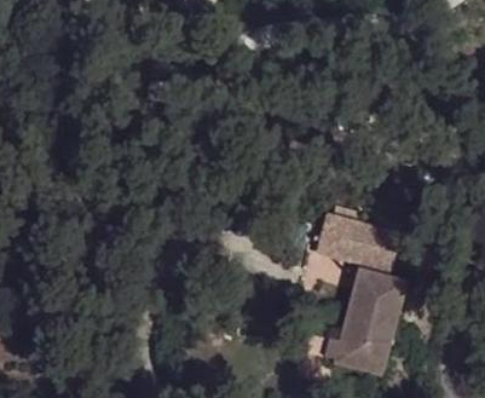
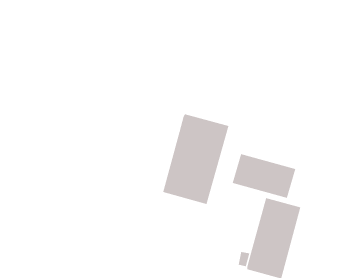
building: none -> [163,113,229,205]

